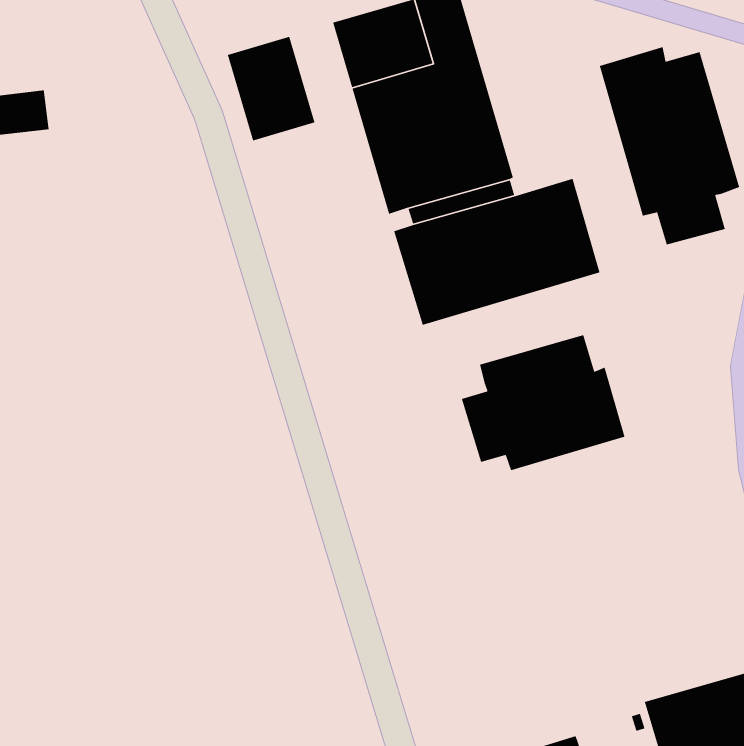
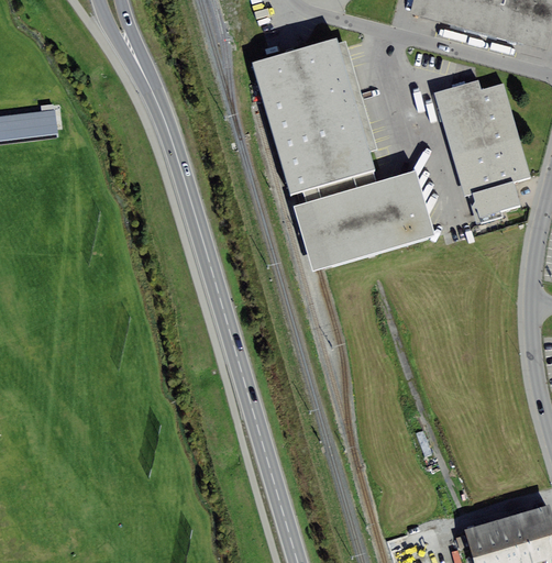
building: [227,36,316,141] -> none
building: [461,334,626,471] -> none

